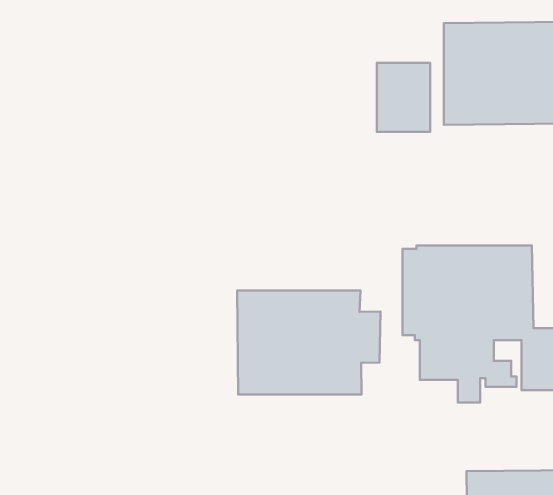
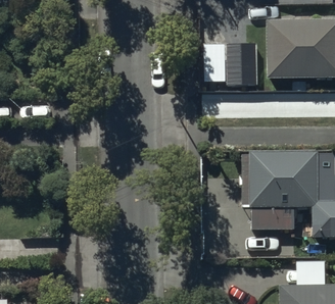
building: [237,291,380,395] -> none

